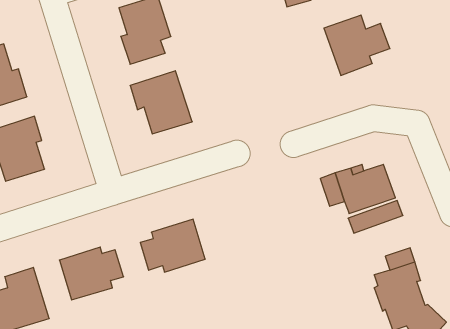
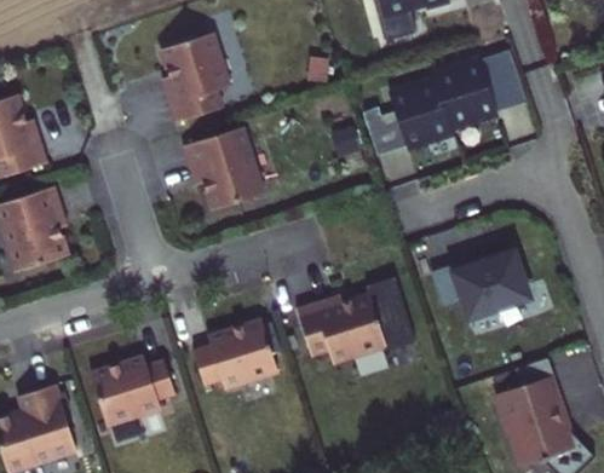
building: none -> [366,70,456,158]
building: none -> [297,277,416,365]

